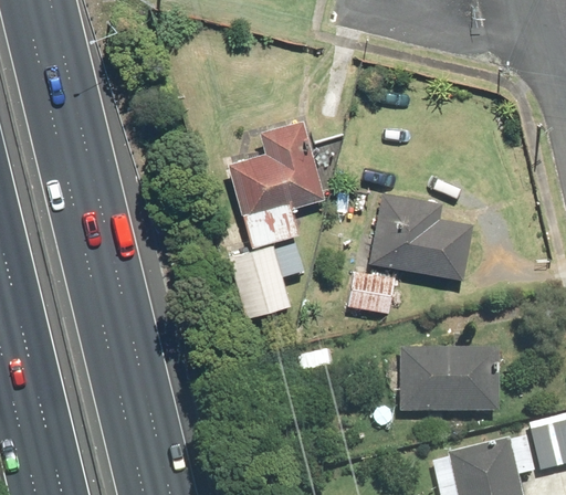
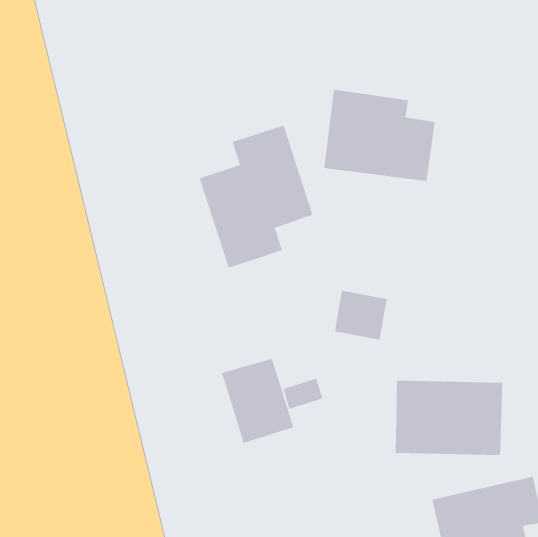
building: [368,192,470,276] -> [324,89,436,182]
building: [228,240,294,317] -> [221,358,294,443]

